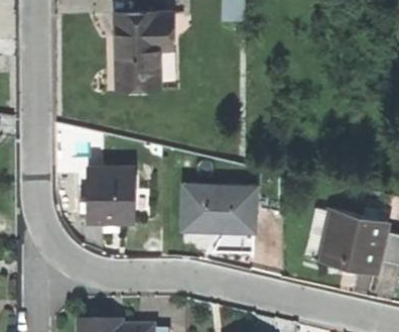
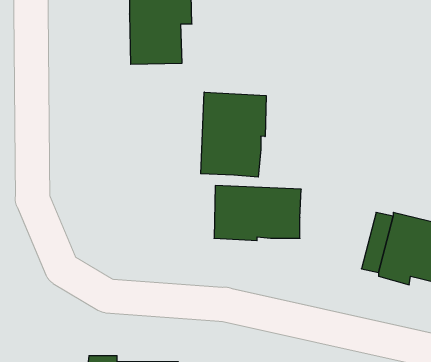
building: none -> [201,92,266,177]
building: [87,169,133,221] -> none

